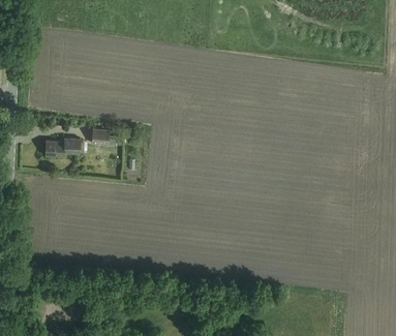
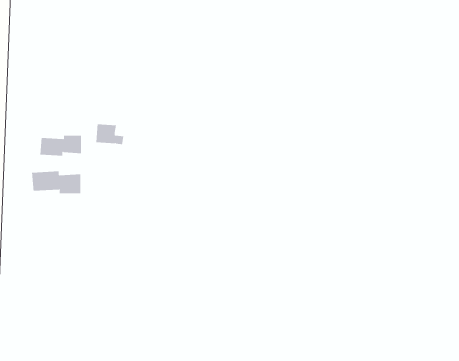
building: none -> [32,171,81,194]

